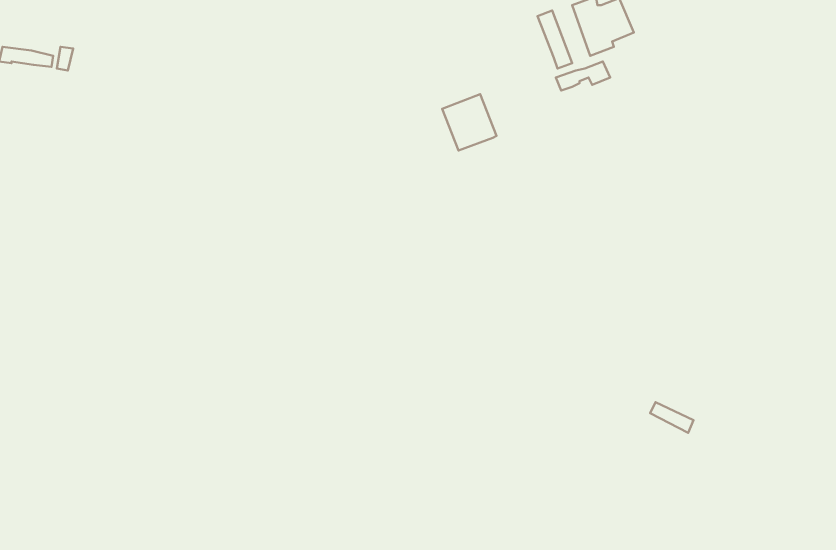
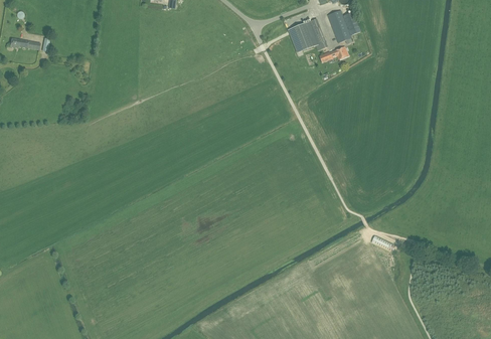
building: [442,94,497,150] -> [287,21,317,52]

